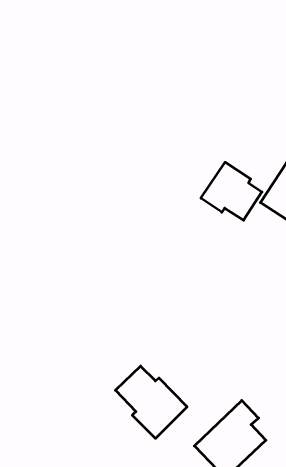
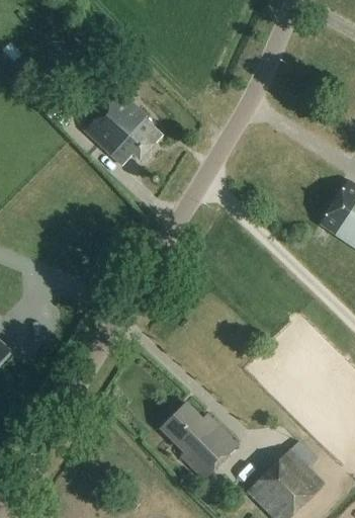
building: none -> [83,90,162,166]
building: [201,162,262,220] -> none

